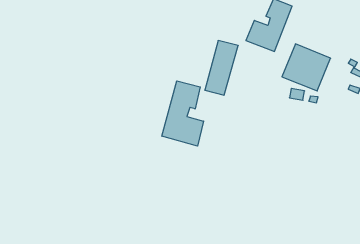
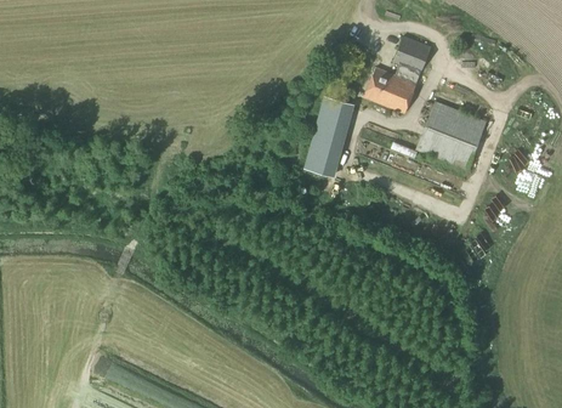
building: [162,81,204,146] -> none

